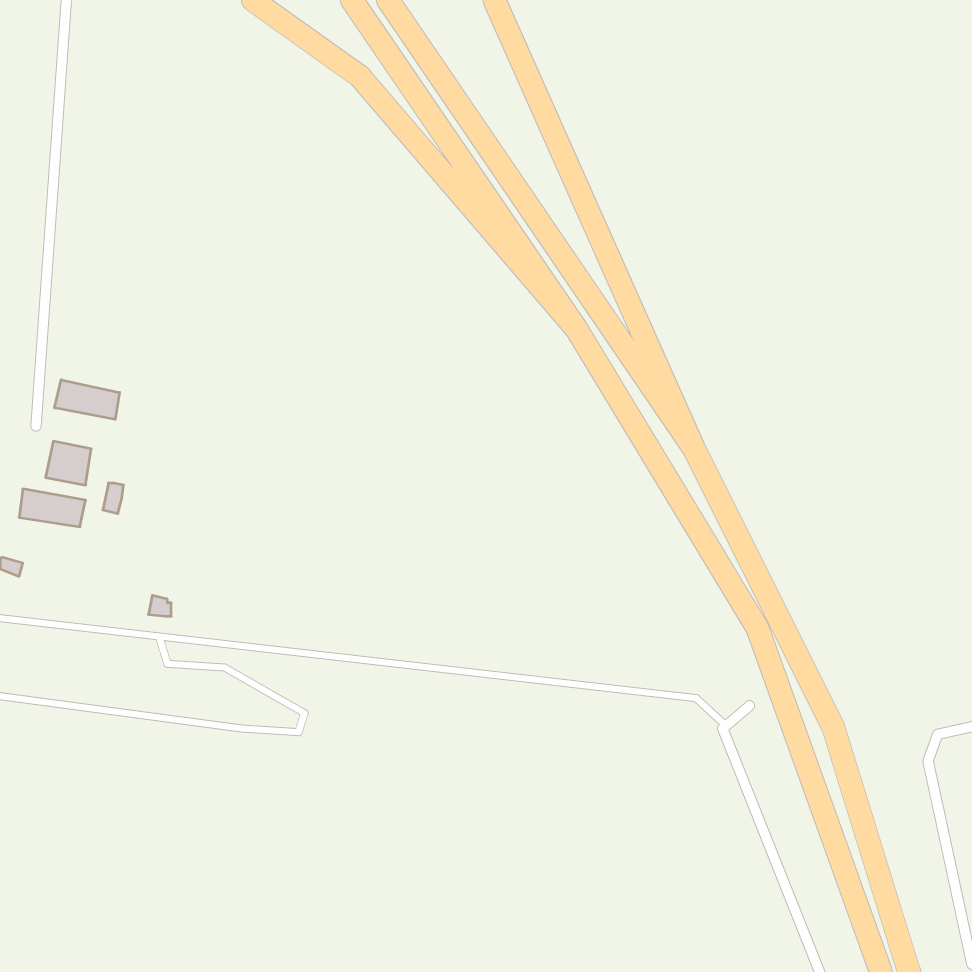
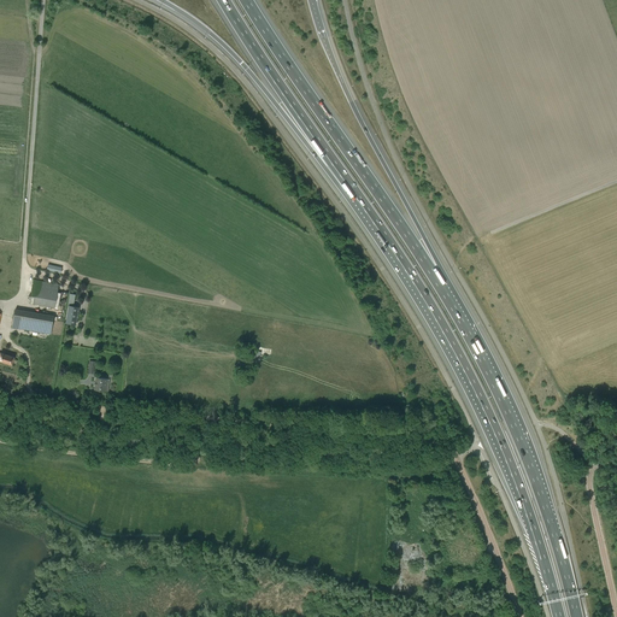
building: [55,380,120,419] -> none

